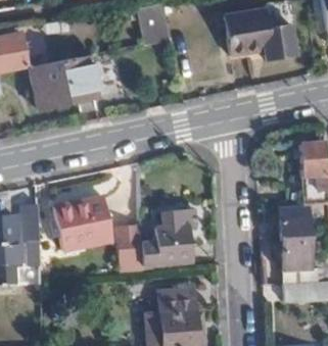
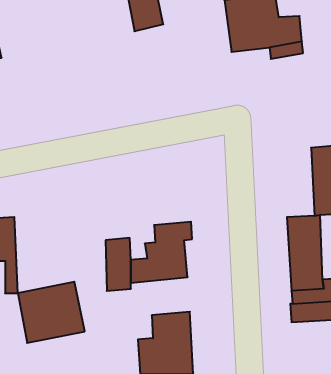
building: [31,54,99,108] -> none
building: [57,198,116,252] -> [18,282,85,343]

